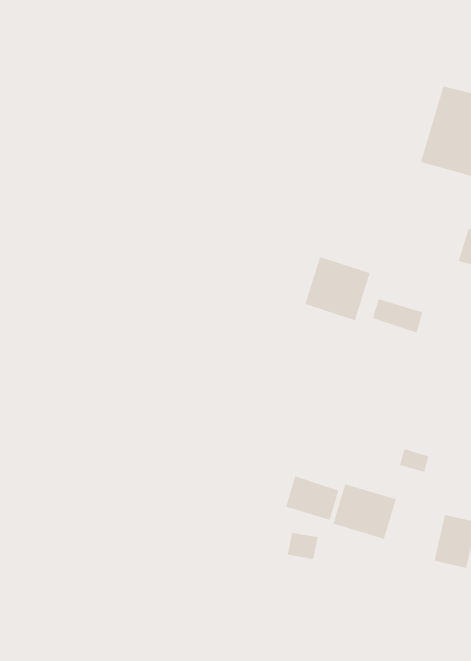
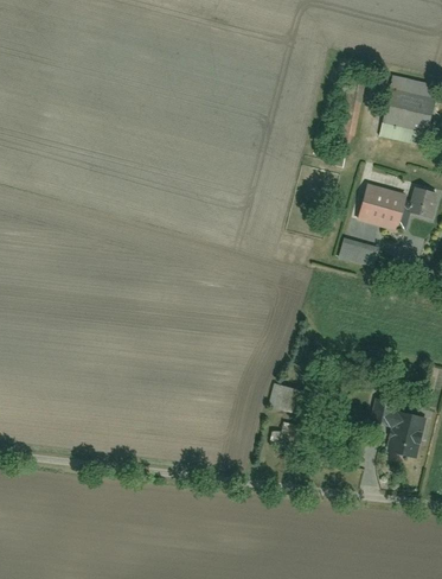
building: [305,256,371,321] -> [355,180,408,231]
building: [333,484,396,540] -> none

